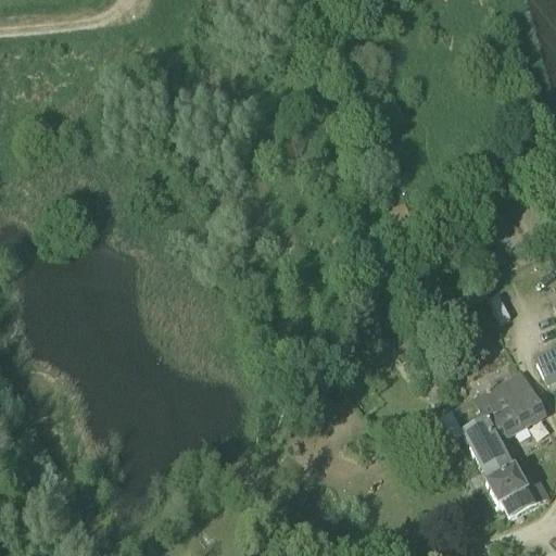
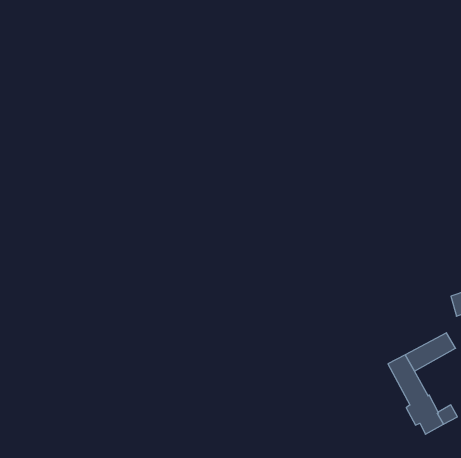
building: [456,372,538,432] -> none

